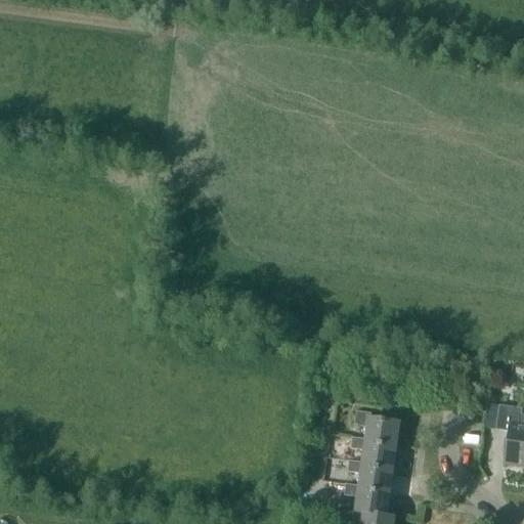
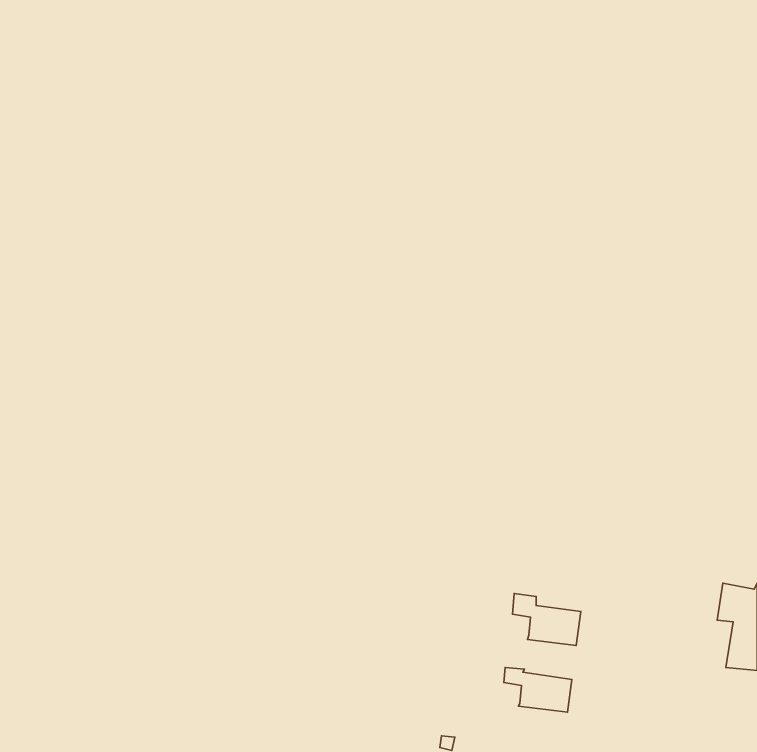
building: [351,438,398,470] -> none
building: [334,482,392,516] -> none

